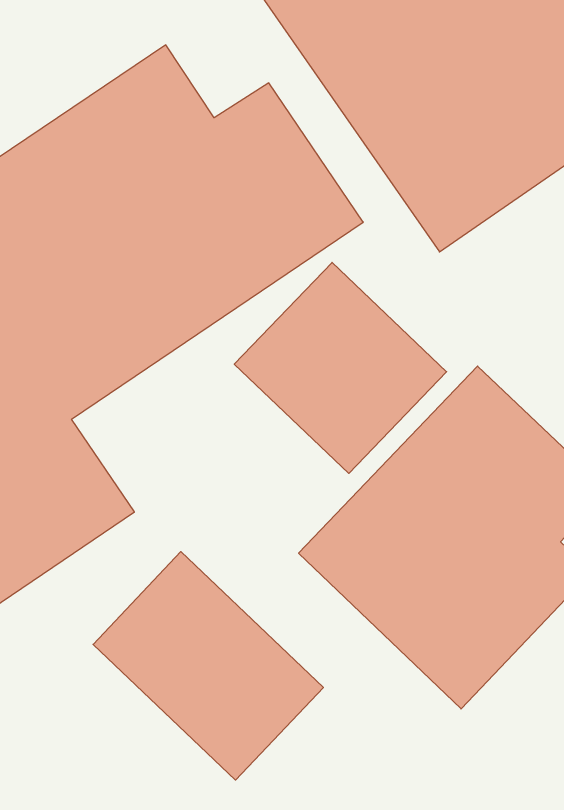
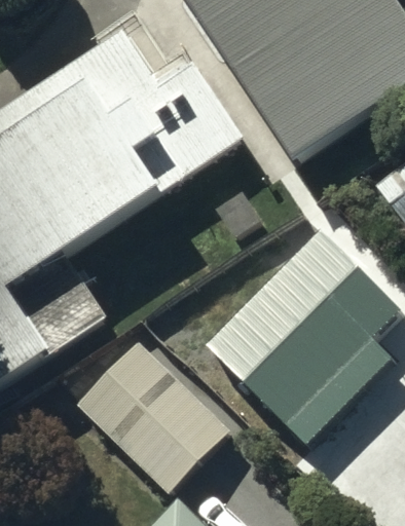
building: [234,262,447,473] -> none

